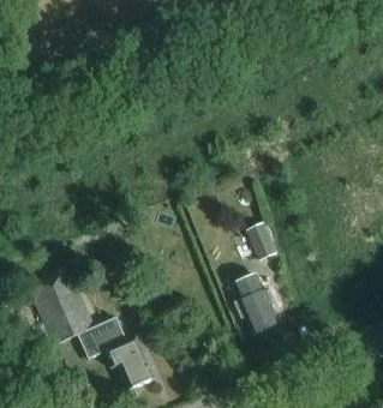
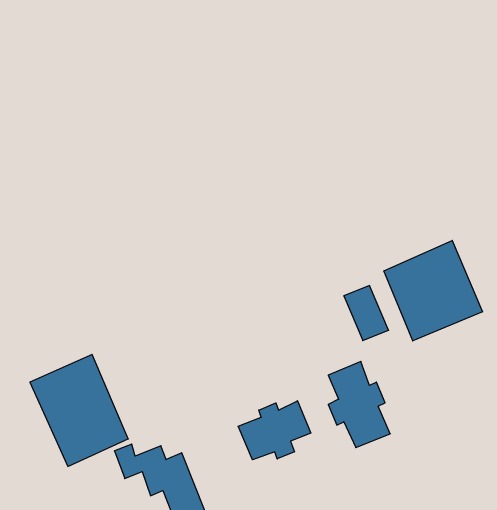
building: none -> [384,240,482,341]
building: none -> [238,401,311,460]

